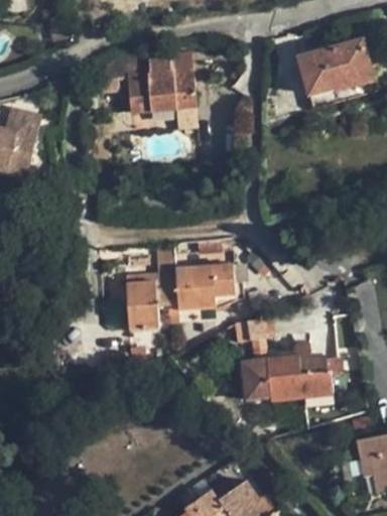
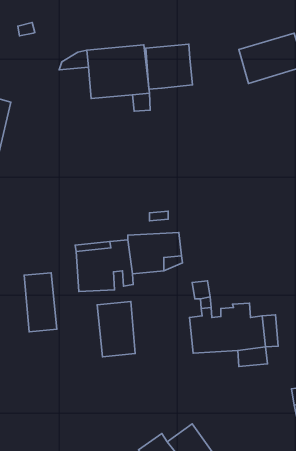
building: none -> [146,44,193,89]
building: none -> [24,273,57,332]
building: none -> [97,302,135,357]

